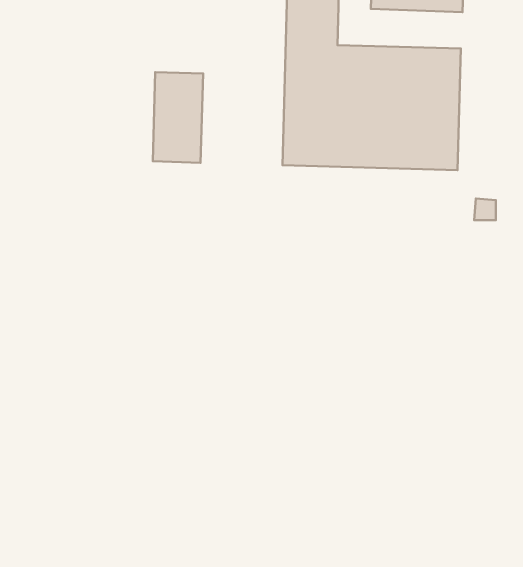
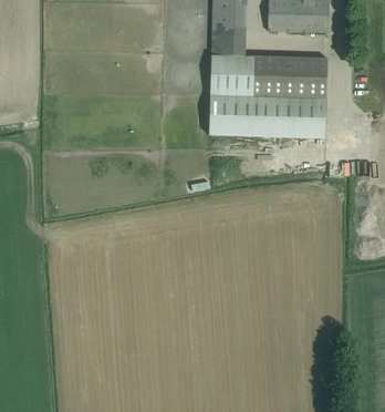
building: [153,72,203,163] -> none

